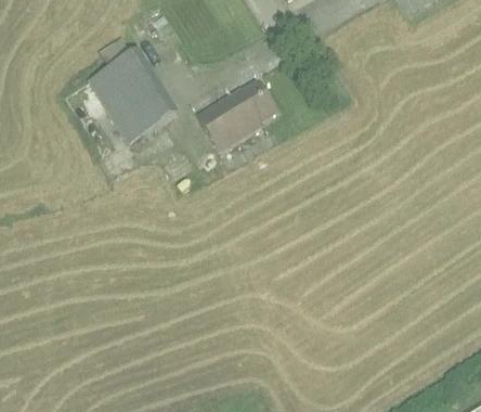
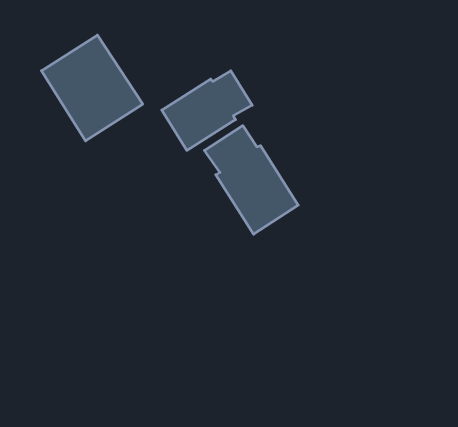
building: none -> [204,126,298,234]

